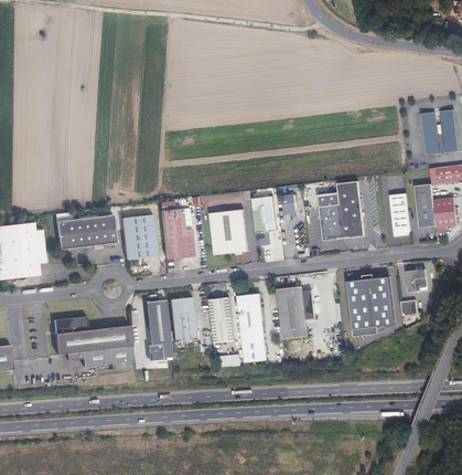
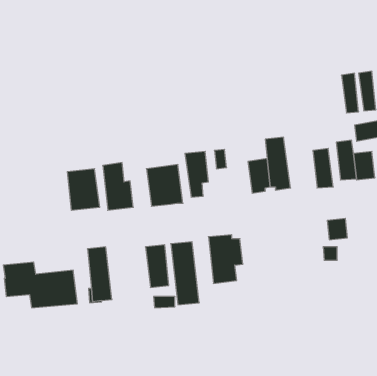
building: [56,215,117,250] -> none
building: [347,275,394,335] -> none
building: [169,297,195,341] -> none

